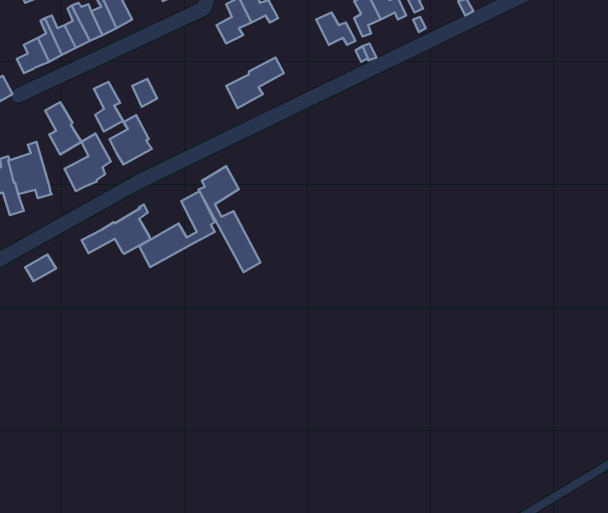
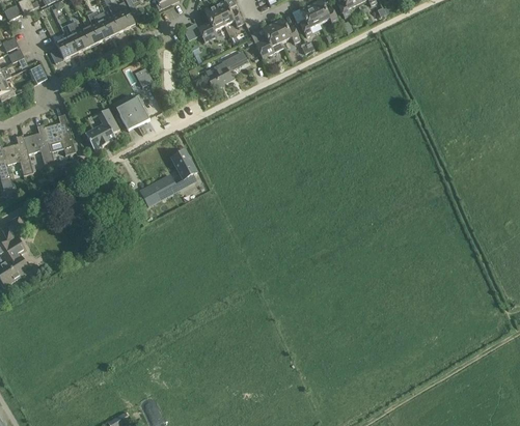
building: none -> [253,23,282,57]
building: [94,82,123,131] -> none
building: [45,102,81,155] -> none
building: [199,166,261,272] -> none
building: [81,205,150,254] -> none

